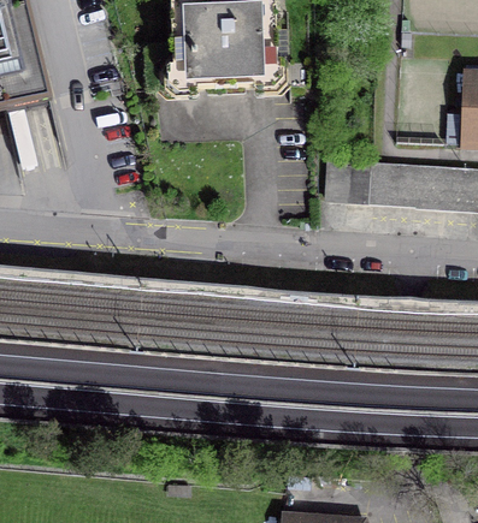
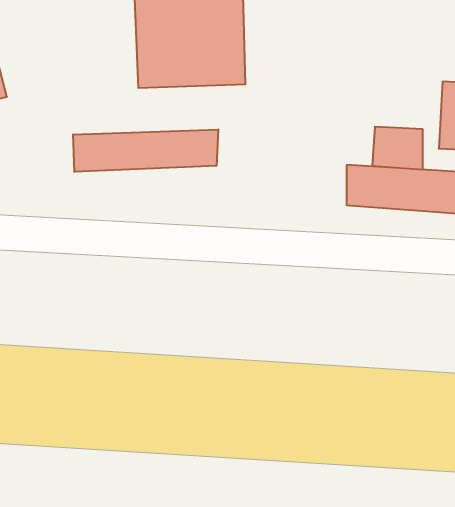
building: none -> [73,129,218,172]
building: [323,159,371,200] -> [372,127,423,170]

